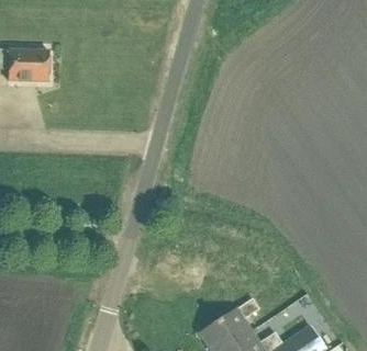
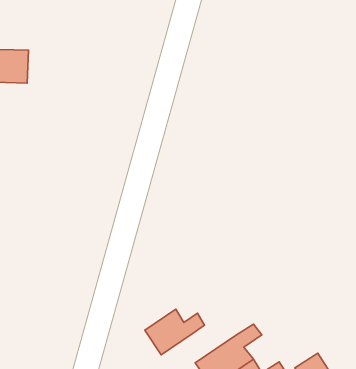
building: none -> [145,309,205,355]

